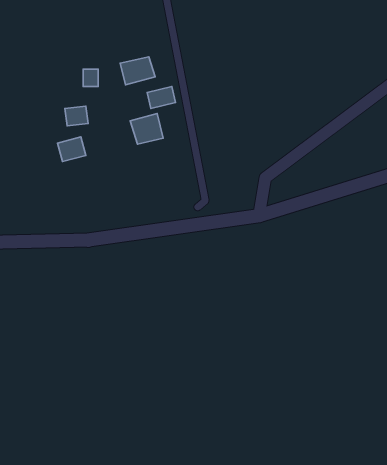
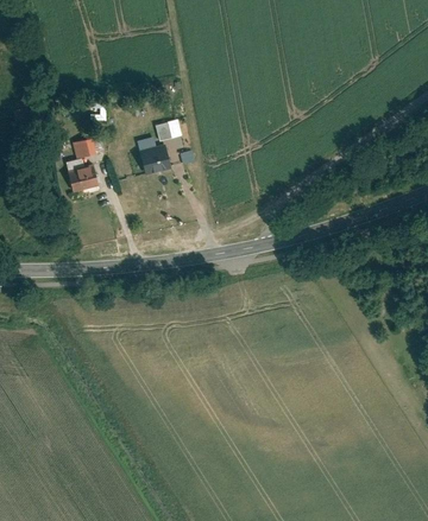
building: [120,57,155,85] -> none

